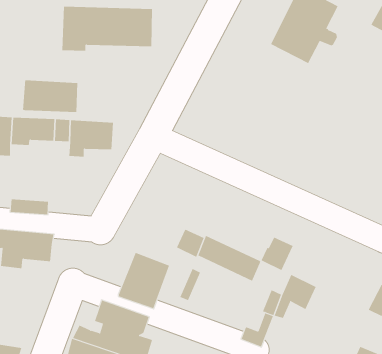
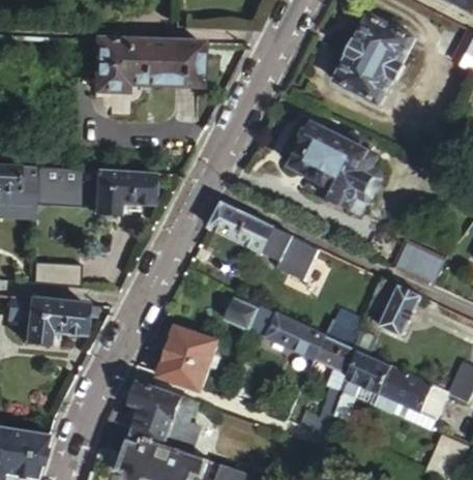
building: none -> [293,122,383,205]
building: [22,80,78,113] -> none
building: none -> [208,202,324,276]
building: none -> [393,241,441,283]
building: none -> [368,277,421,337]
building: none -> [316,335,360,374]
building: none -> [374,365,447,418]

